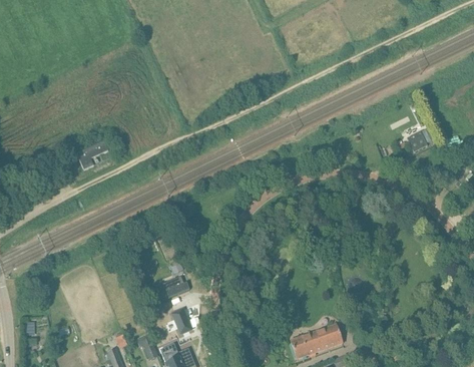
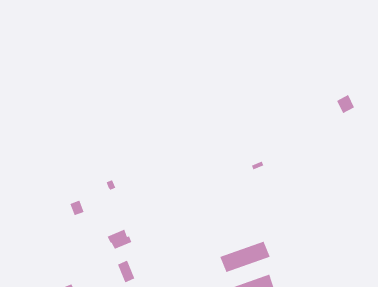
building: [76,140,108,169] -> none
building: none -> [220,241,270,273]

